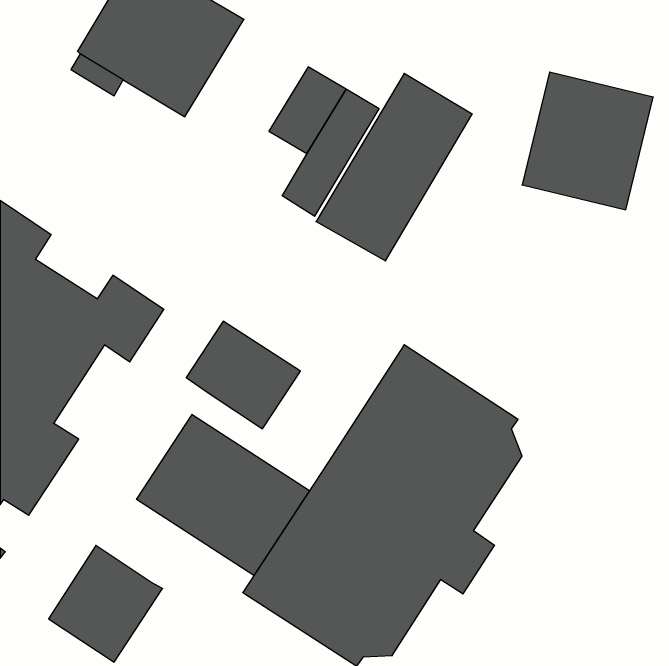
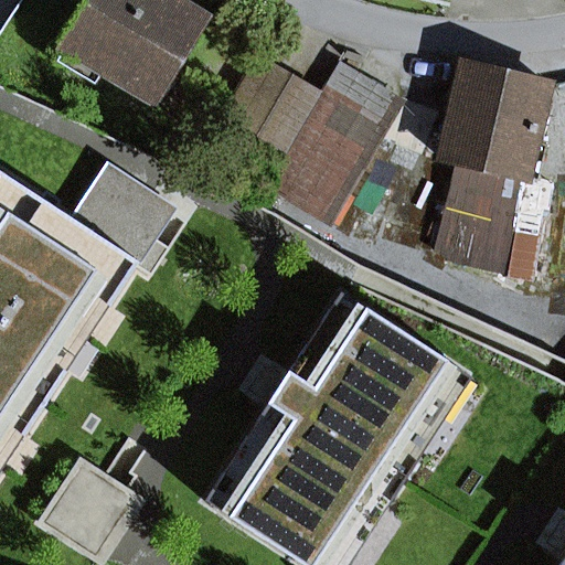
building: none -> [430,167,535,274]
building: [186,321,300,429] -> [75,170,171,260]
building: [137,414,310,575] -> none

